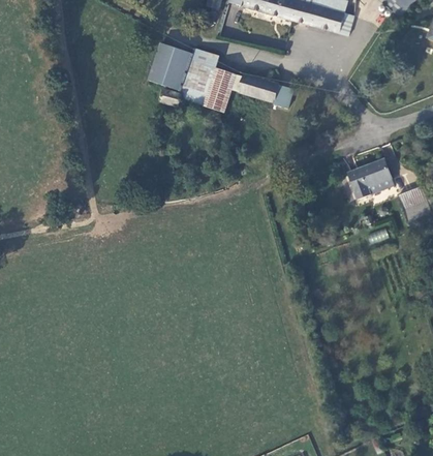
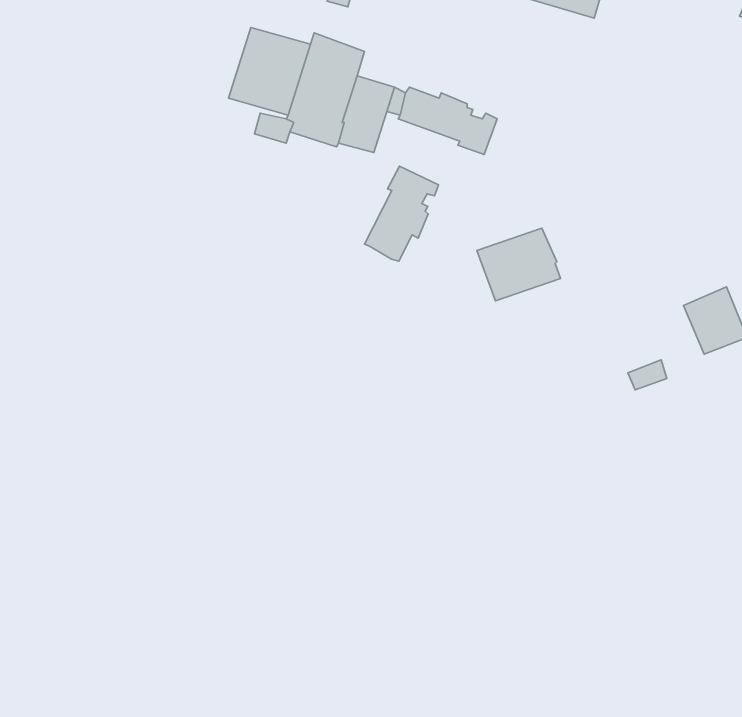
building: none -> [364,166,438,261]
building: [348,159,395,200] -> [477,228,561,301]

